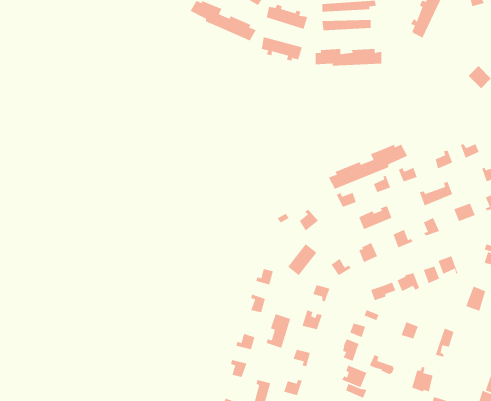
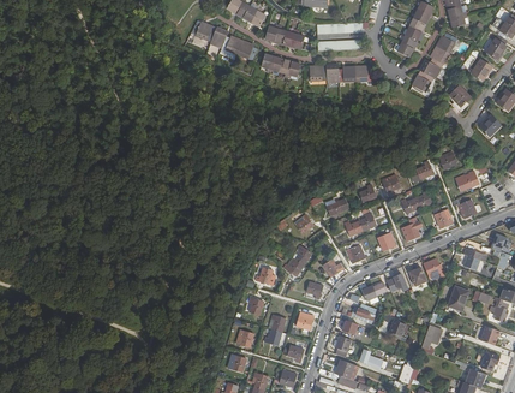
building: none -> [413,35,455,94]
building: [328,143,408,190] -> none

